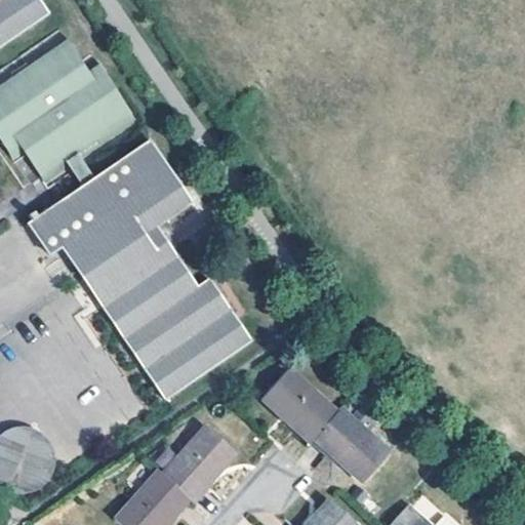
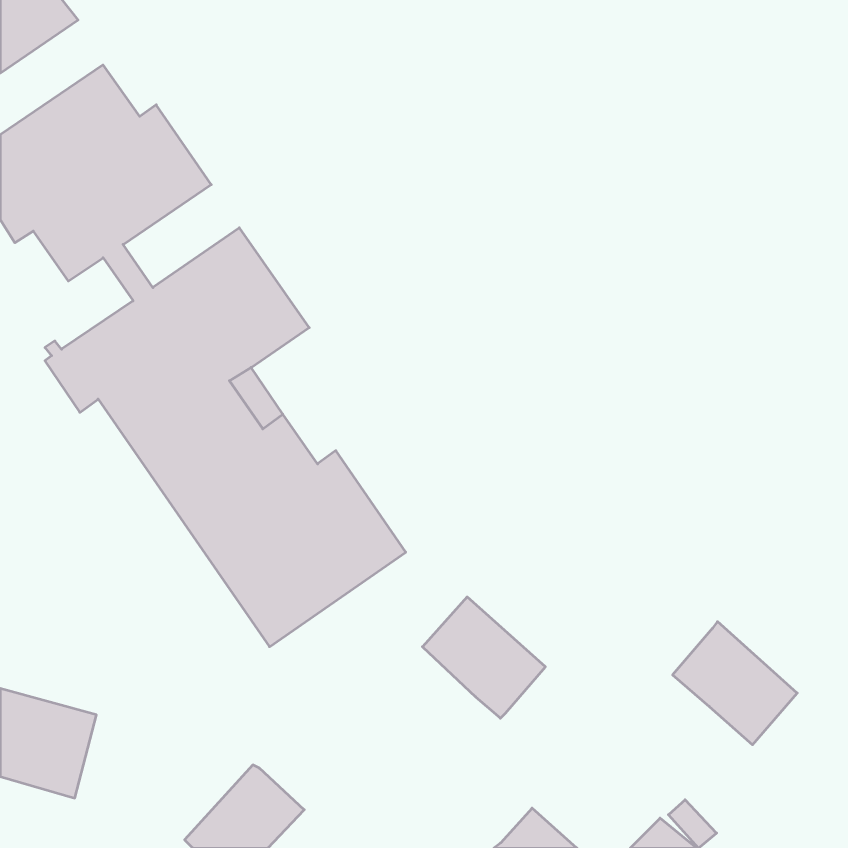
building: [313,407,390,483] -> [673,622,797,745]
building: [161,427,236,502] -> none

